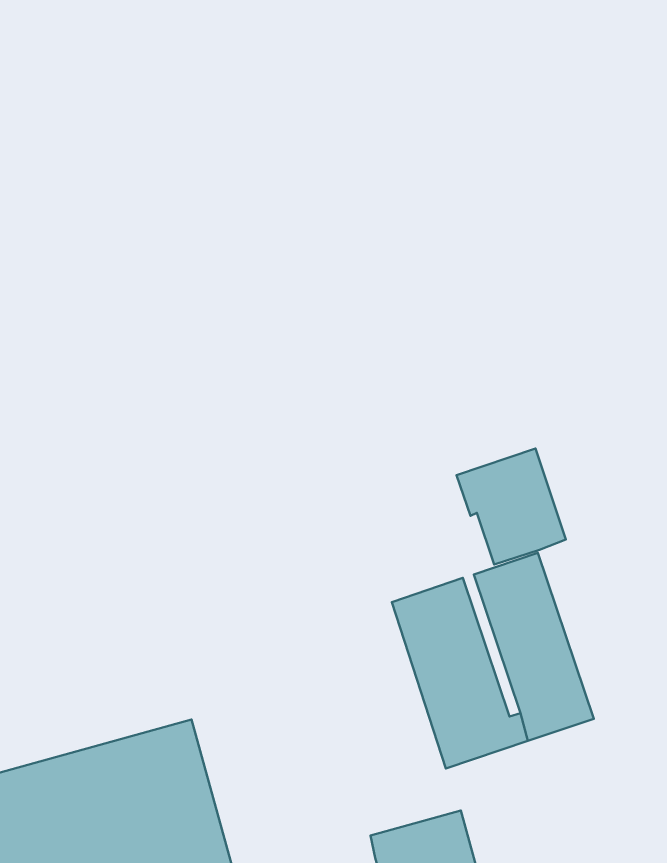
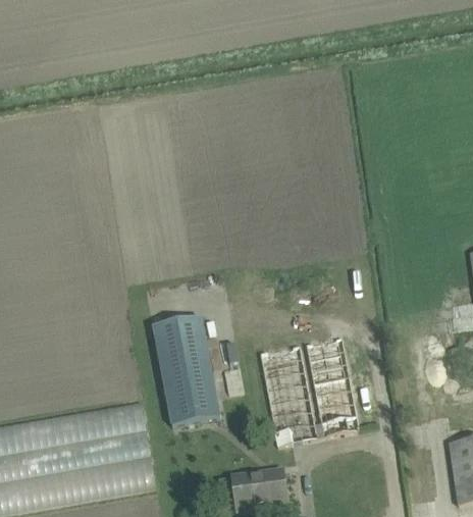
building: [456,449,566,565] -> none
building: none -> [154,318,221,428]

